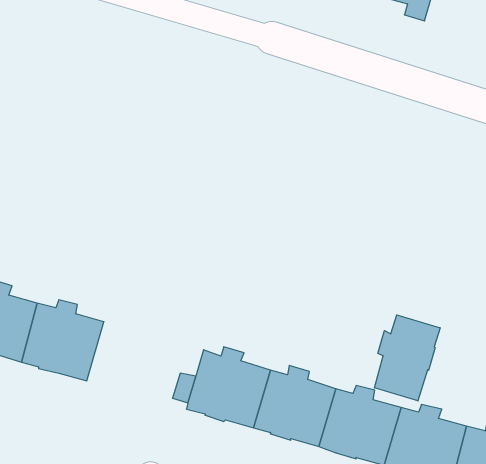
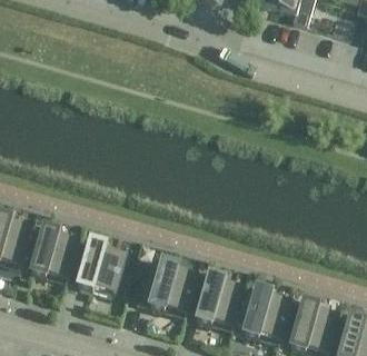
building: [374,315,440,401] -> none
building: none -> [67,237,127,295]

